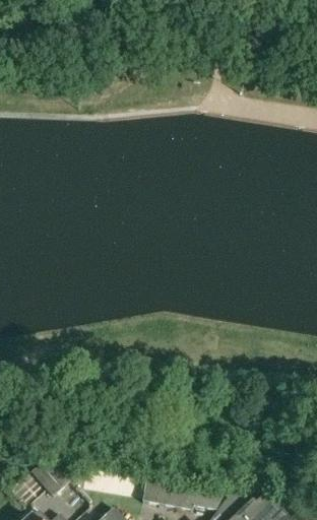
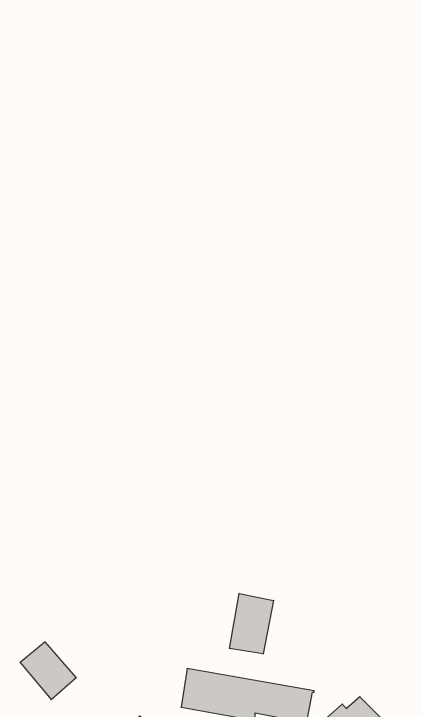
building: none -> [229,593,274,654]

